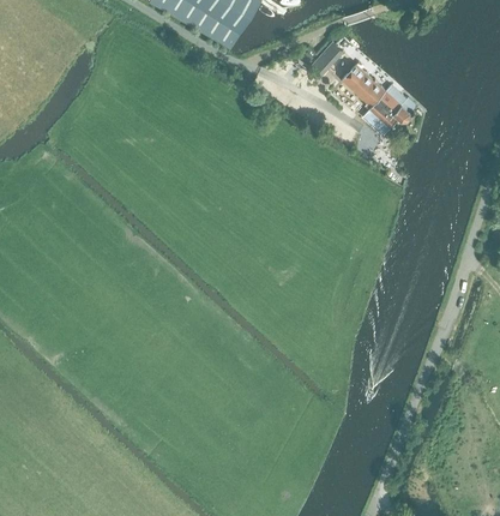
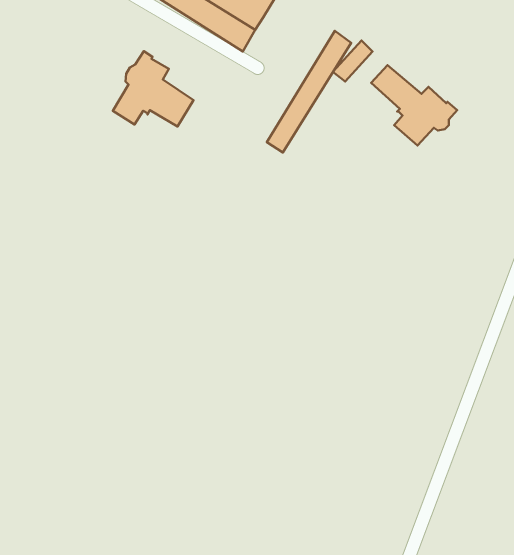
building: none -> [267,31,351,153]
building: none -> [113,51,193,127]

